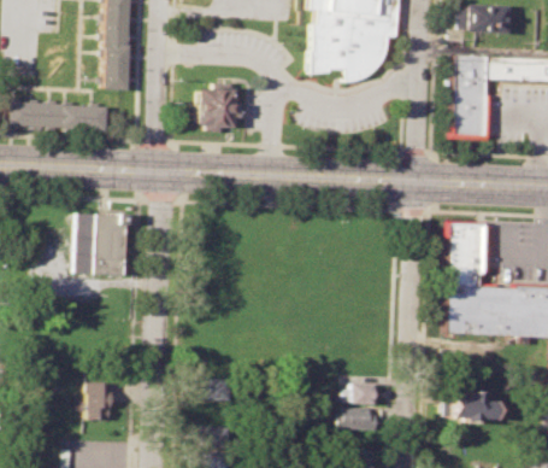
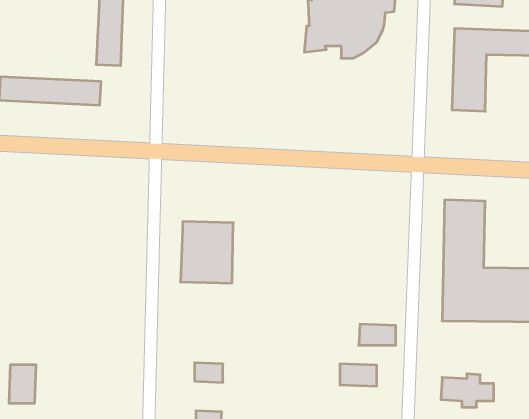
building: [194,89,241,129] -> none
building: [75,213,126,274] -> [180,222,233,283]
building: [86,381,112,419] -> [9,365,36,403]
building: [341,408,377,428] -> [359,324,396,345]

